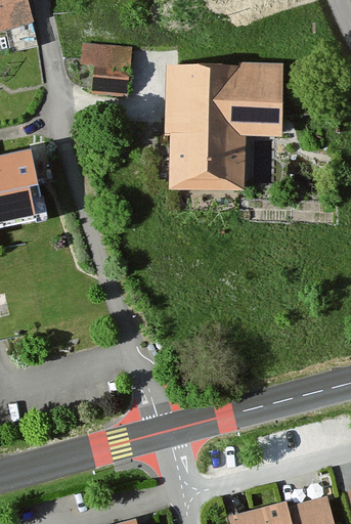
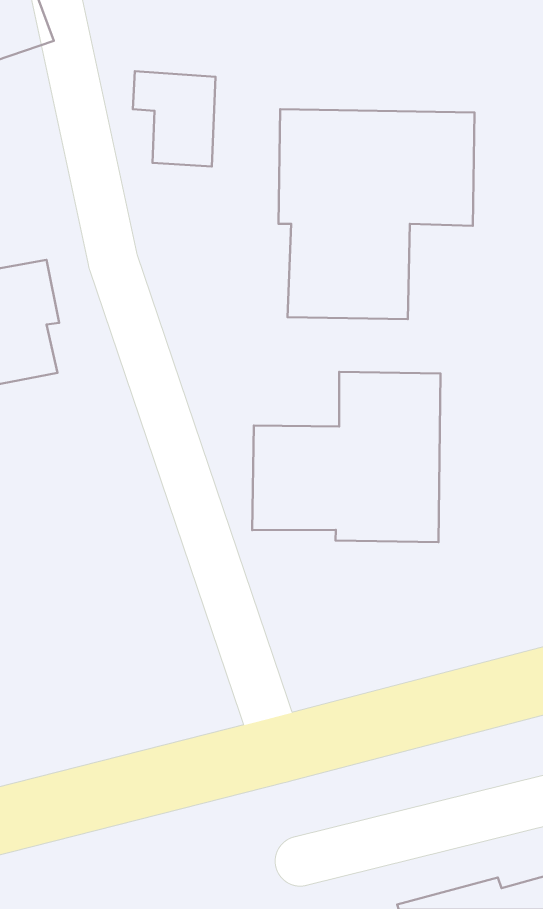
building: none -> [252,372,441,542]

